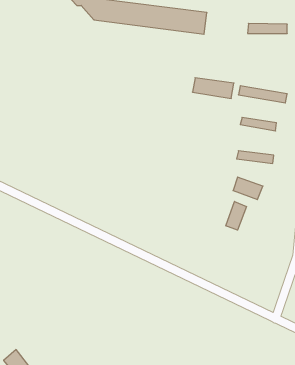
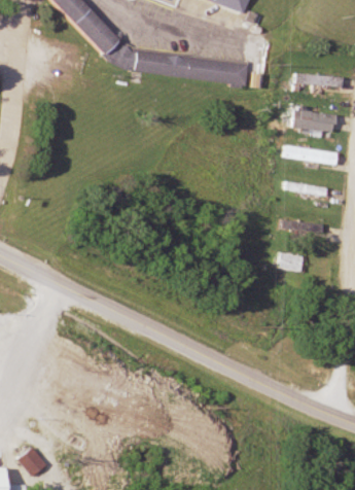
building: [192,78,234,98] -> [291,109,339,133]
building: [226,201,246,230] -> none

